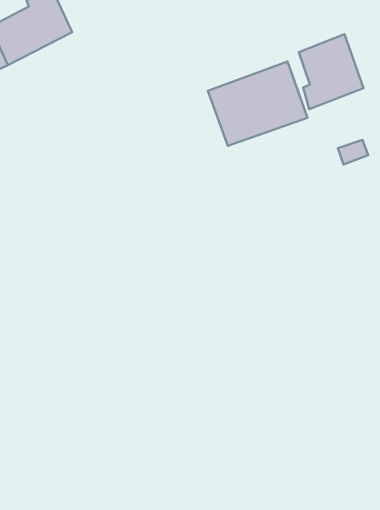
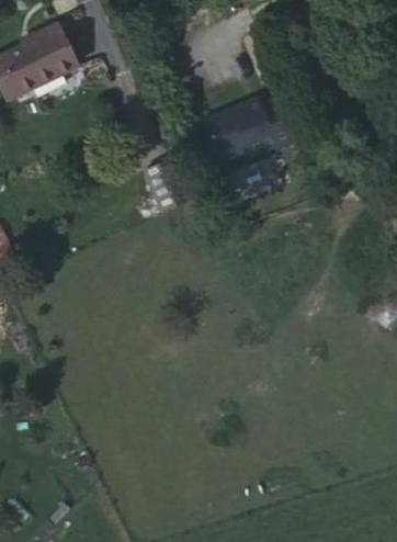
building: [299,34,364,109] -> none

